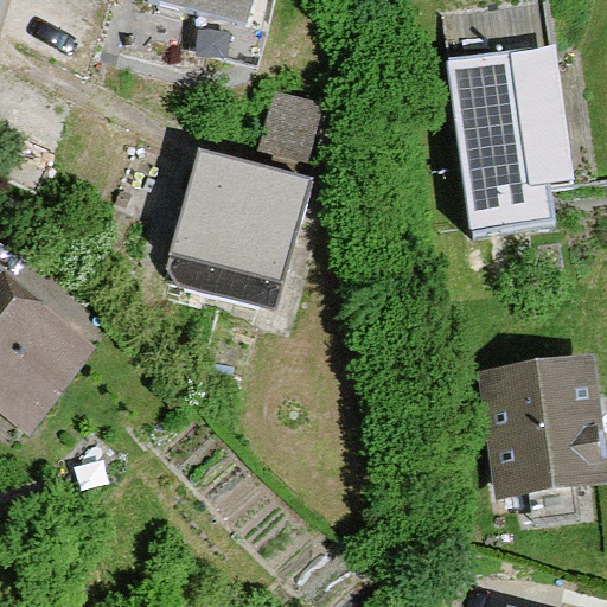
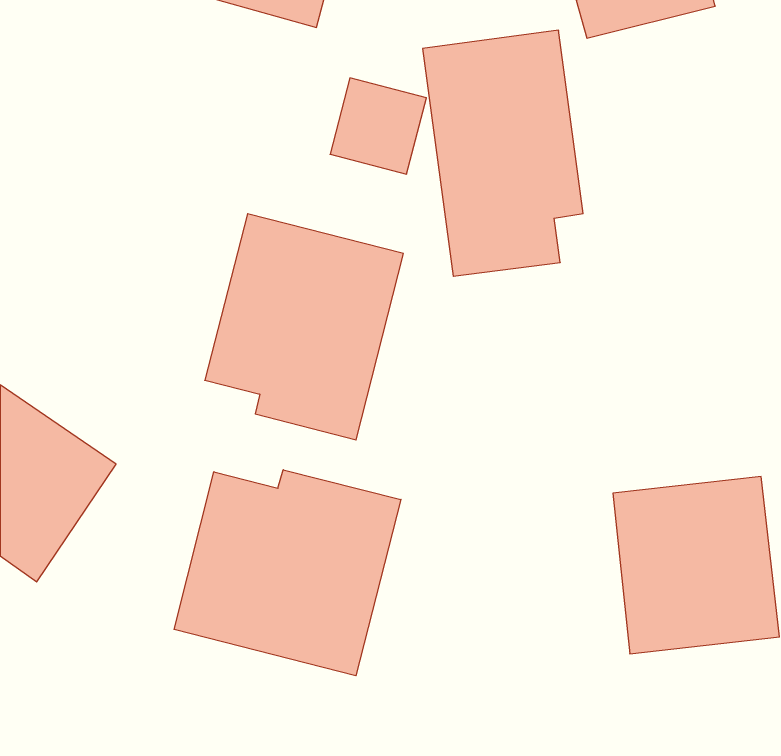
building: [448,39,573,230] -> [423,30,583,276]
building: none -> [174,470,401,676]

